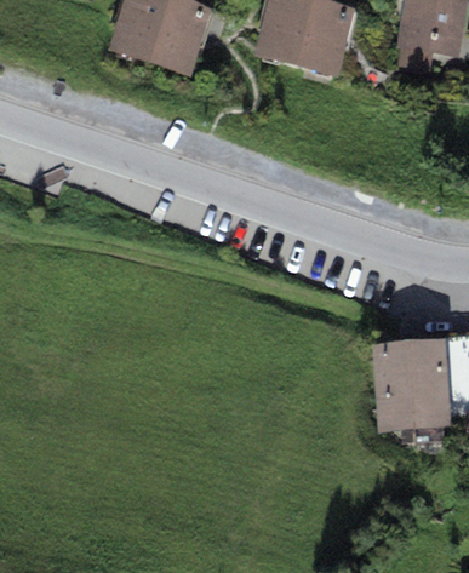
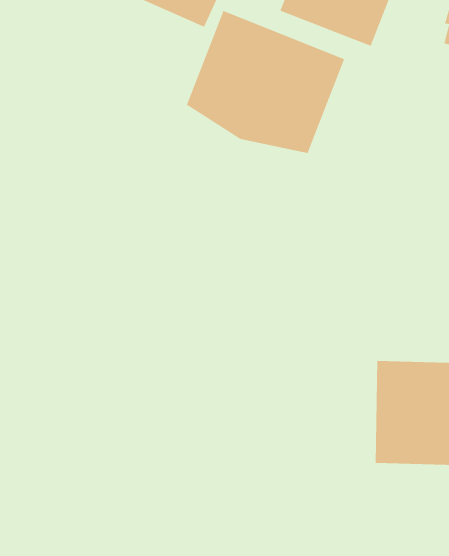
building: none -> [186,10,345,154]

